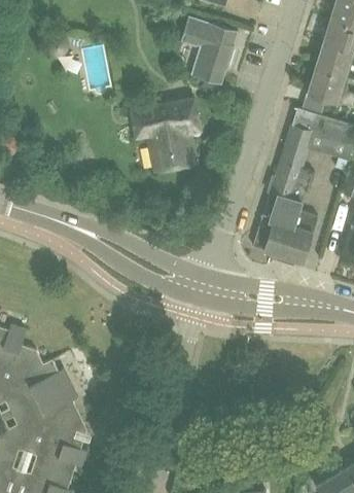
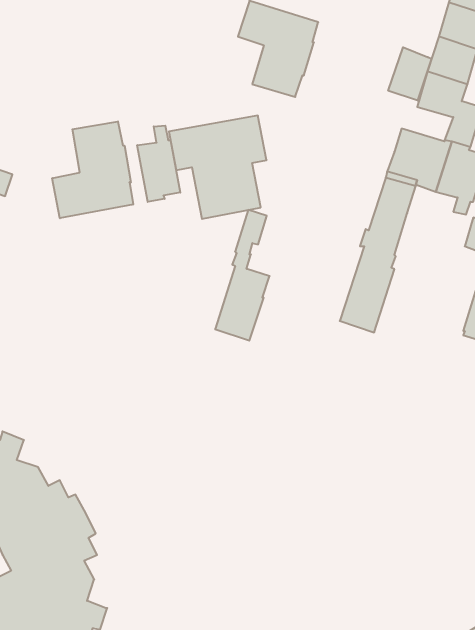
building: none -> [388,47,432,101]
building: none -> [52,121,133,218]
building: none -> [137,126,180,202]
building: [277,168,316,261] -> [215,210,270,341]

